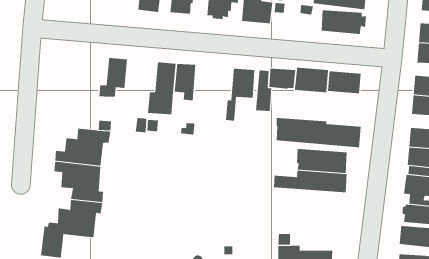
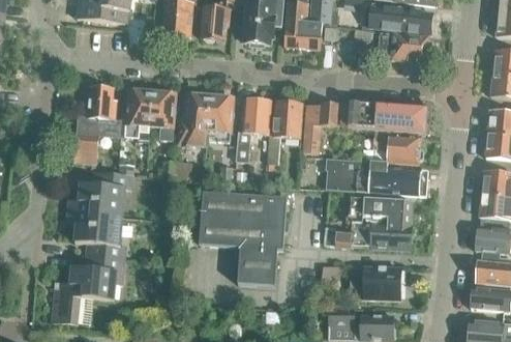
building: none -> [73,86,120,164]
building: none -> [150,91,176,138]
building: none -> [237,98,270,161]
building: none -> [372,135,420,163]
building: none -> [199,194,285,286]
building: none -> [349,266,399,298]

